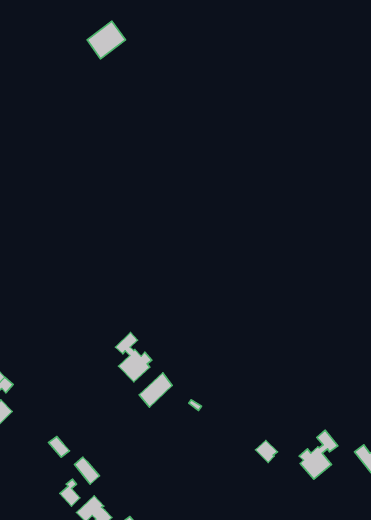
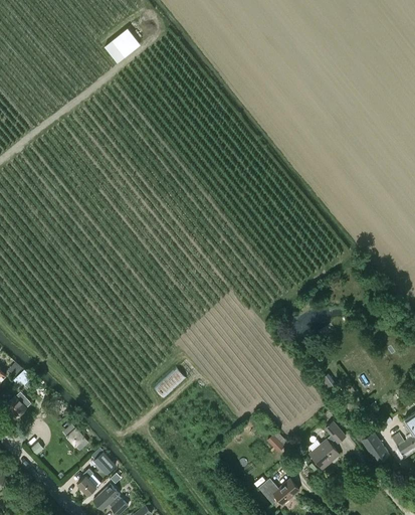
building: [115,332,152,382] -> none
building: none -> [257,478,298,504]

